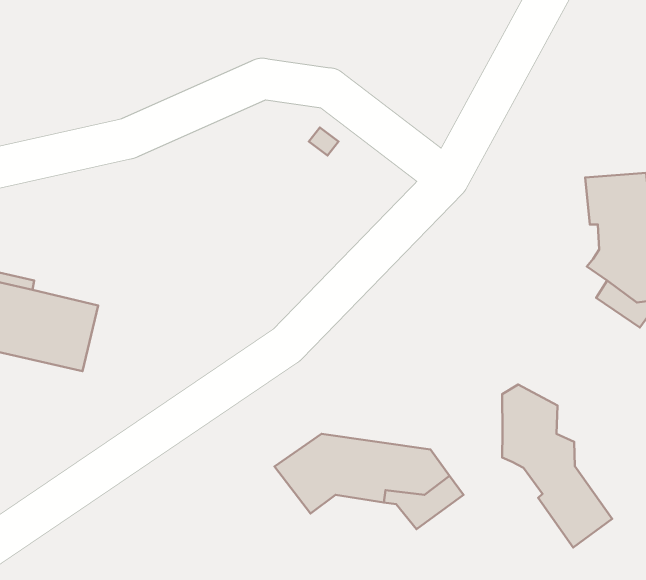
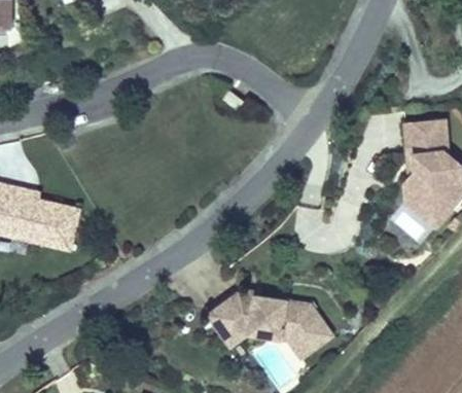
building: [502,385,612,547] -> none

